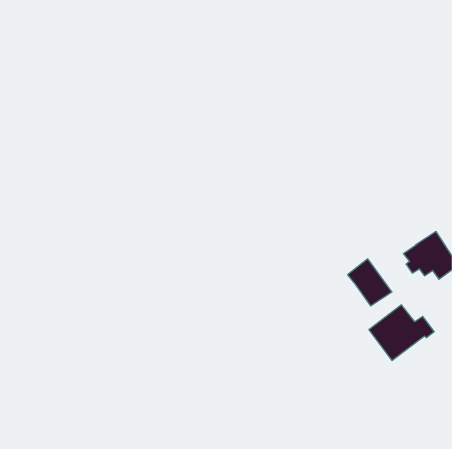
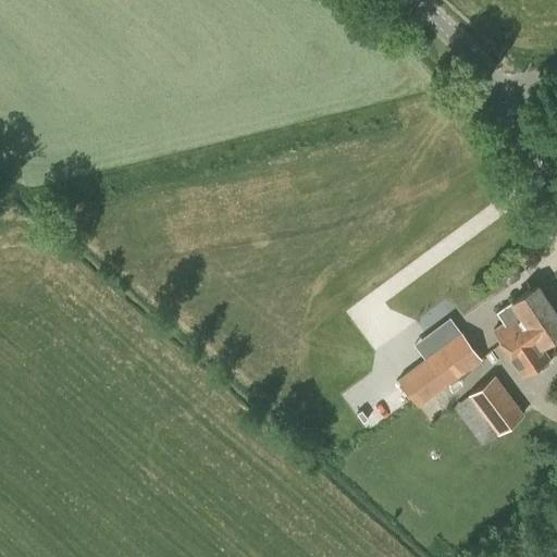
building: none -> [494,329,549,376]
building: none -> [397,352,456,408]

